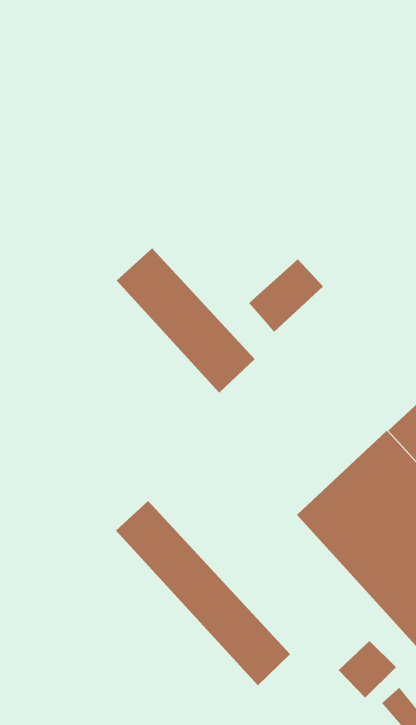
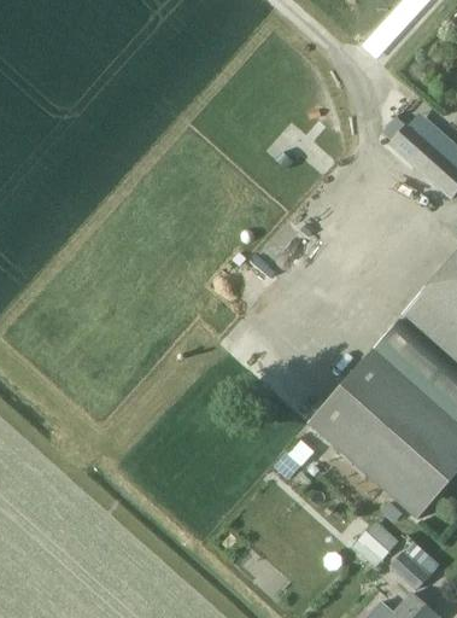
building: [116,248,256,394] -> none
building: [115,500,291,686] -> none

